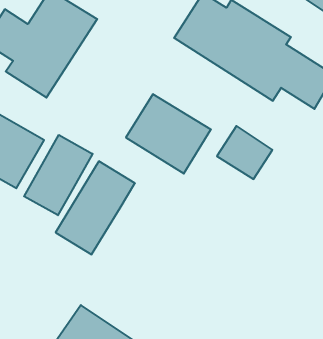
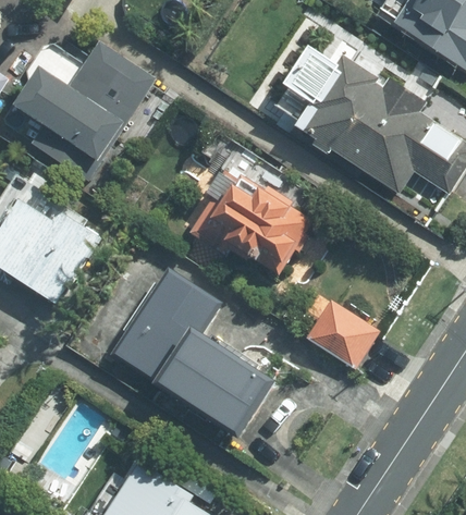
building: [217,126,272,179] -> [305,296,379,367]
building: [24,135,93,215] -> none
building: none -> [154,329,273,441]

